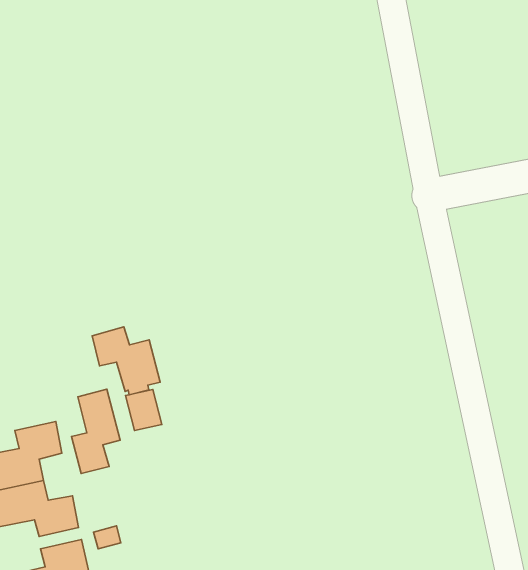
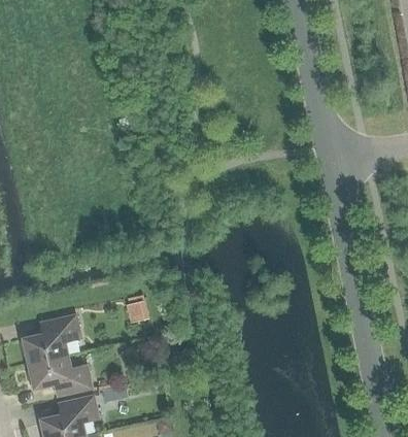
building: [92,327,160,395] -> none
building: [72,389,120,474] -> none

